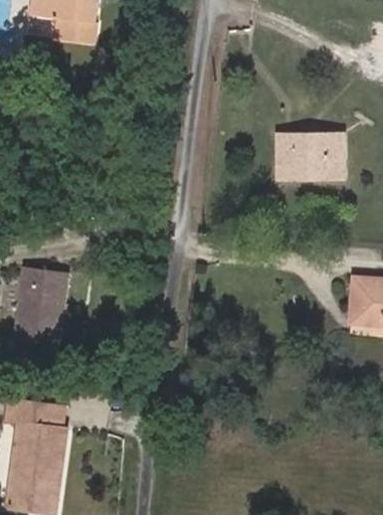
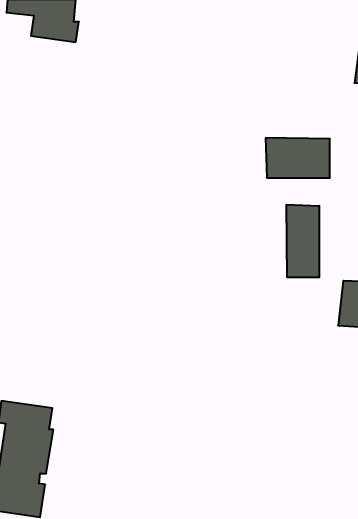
building: none -> [286,205,319,277]
building: [19,265,71,343] -> none

